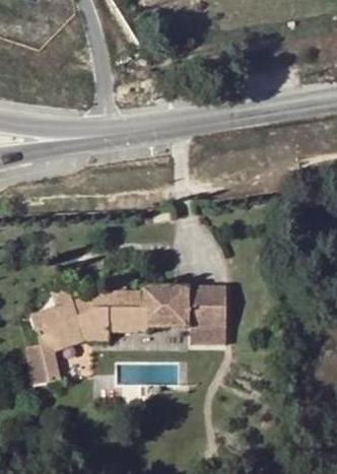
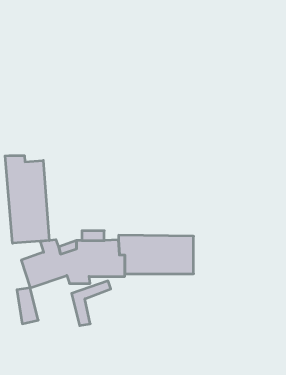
building: none -> [5,156,49,243]
building: [40,332,84,383] -> [72,281,111,326]

